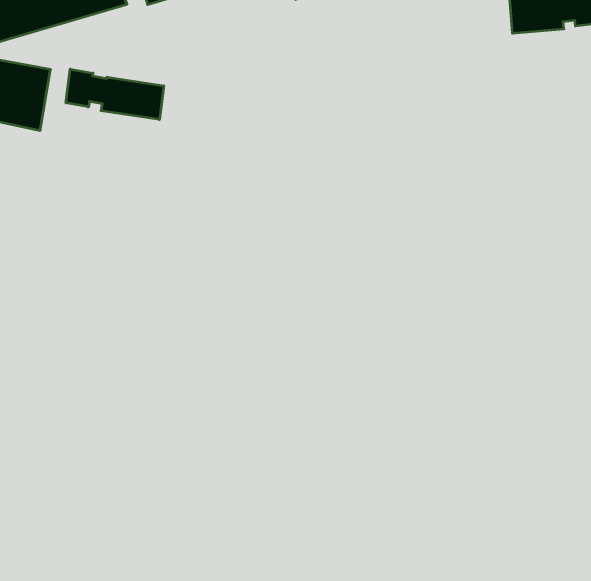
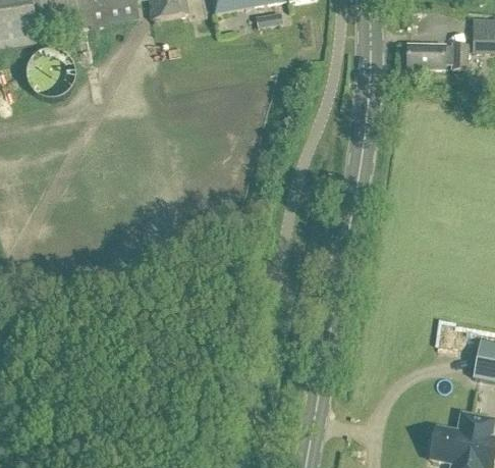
building: [66,69,164,120] -> none

